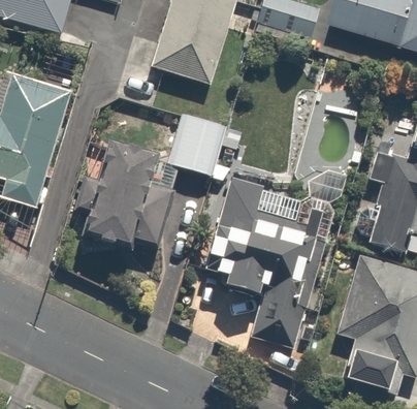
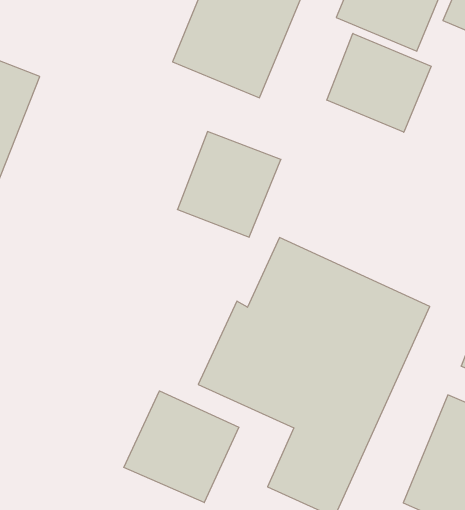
building: none -> [327,33,431,132]
building: [81,147,167,249] -> none
building: none -> [124,391,239,503]

